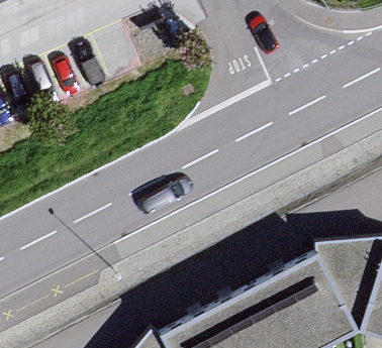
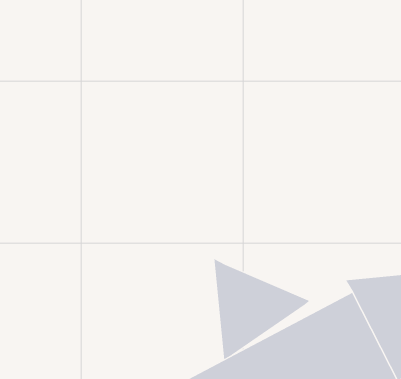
building: none -> [214,258,310,360]

